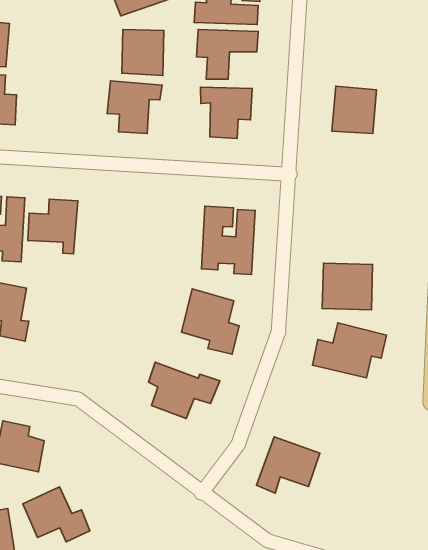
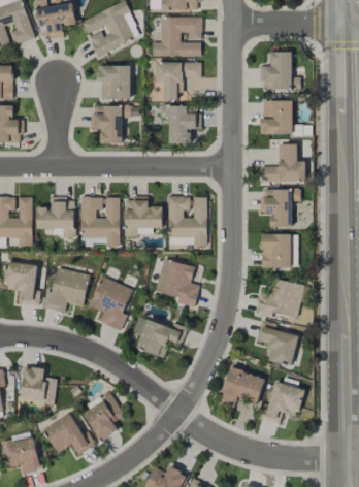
building: none -> [261,52,292,90]
building: none -> [260,144,305,182]
building: none -> [79,197,120,247]
building: none -> [261,189,300,227]
building: none -> [124,198,162,236]
building: none -> [46,267,89,313]
building: none -> [89,275,132,330]
building: none -> [257,320,299,364]
building: none -> [264,382,304,423]
building: none -> [83,391,124,442]

